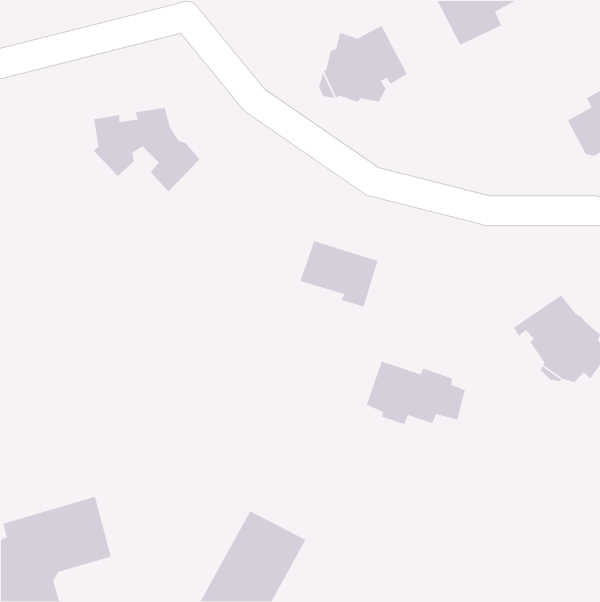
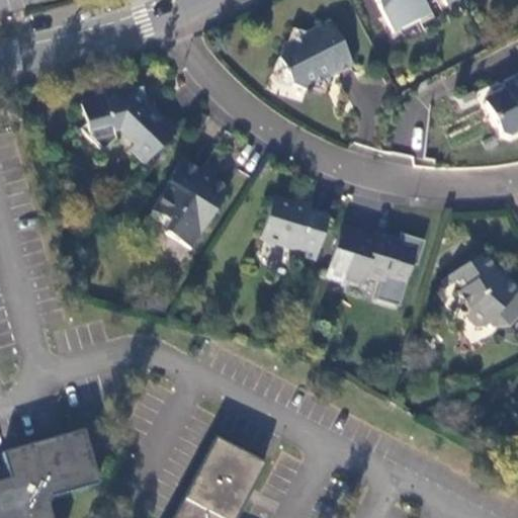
building: none -> [155,160,231,252]
building: [366,361,466,425] -> [329,233,415,288]

